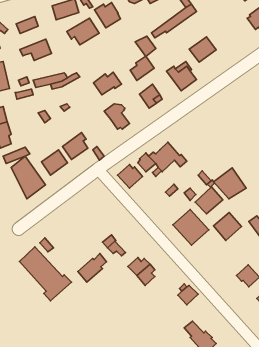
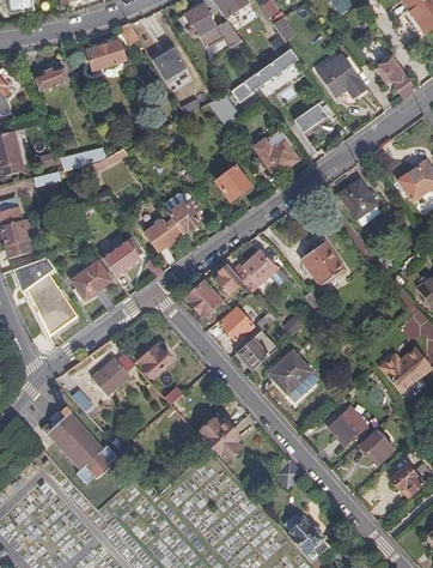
building: none -> [317,54,367,101]
building: [67,18,99,45] -> none
building: [20,39,52,60] -> none
building: [130,56,154,80] -> none
building: [94,72,121,95] -> [145,217,185,250]
building: none -> [339,177,382,225]
building: [213,168,246,199] -> [299,238,347,284]
building: none -> [216,309,250,342]
building: [195,187,223,214] -> [233,331,274,370]
building: none -> [136,345,170,379]
building: [214,213,241,240] -> [324,406,365,447]
building: [78,254,107,282] -> [91,354,133,395]

